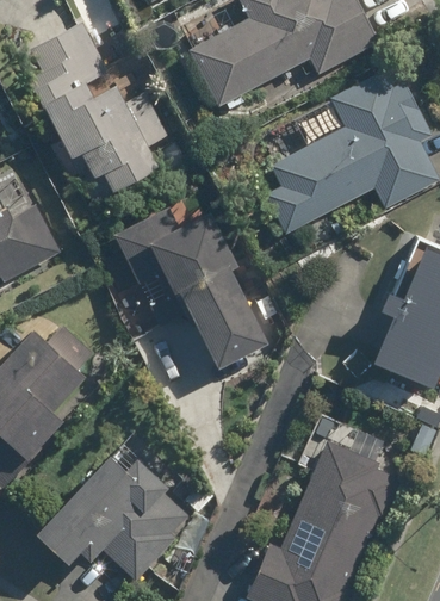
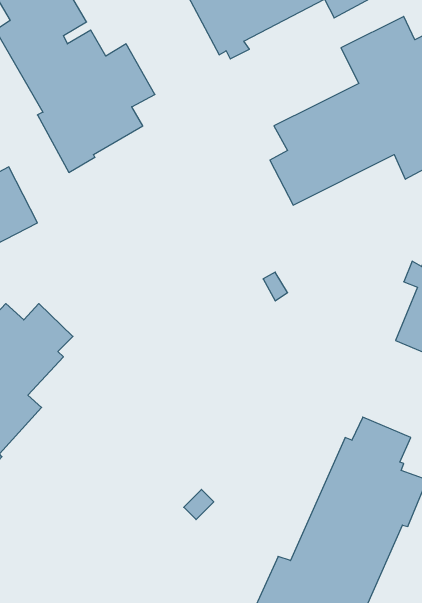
building: [112,209,264,365] -> none
building: [38,450,191,577] -> none

